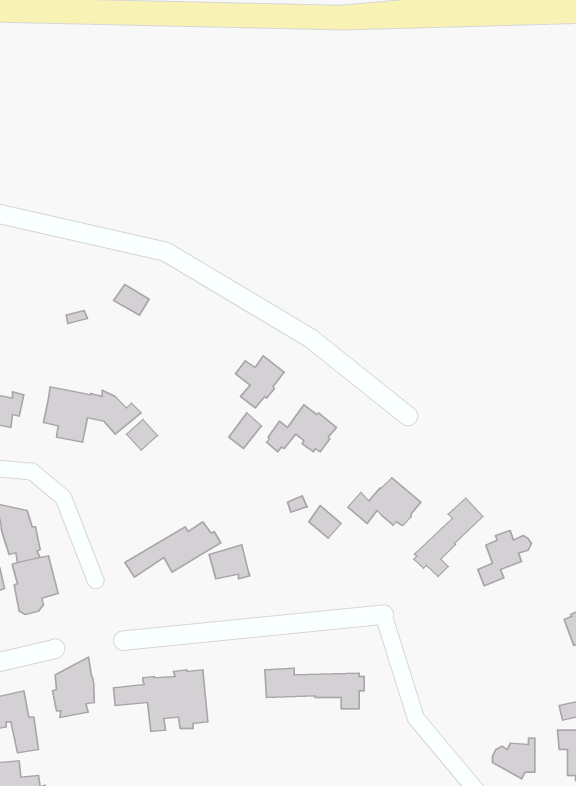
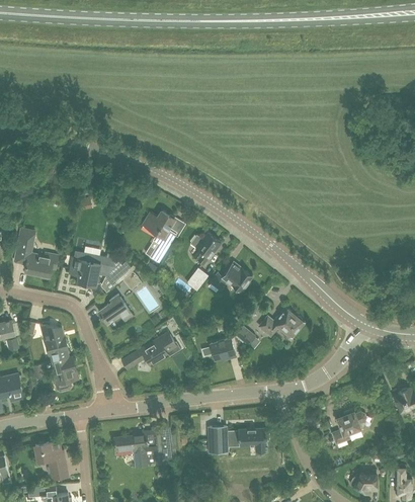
building: none -> [142,212,175,261]
building: none -> [97,295,133,324]
building: [414,498,483,577] -> none
building: [478,531,531,586] -> [332,409,365,443]
building: [209,545,250,579] -> [210,338,235,359]
building: [53,657,94,717] -> none

